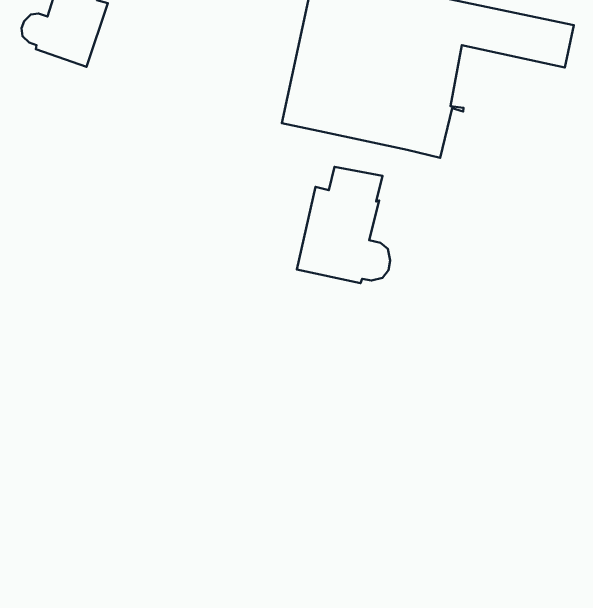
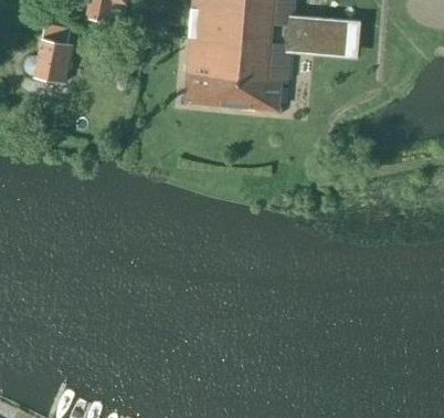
building: [297,167,390,283] -> none

